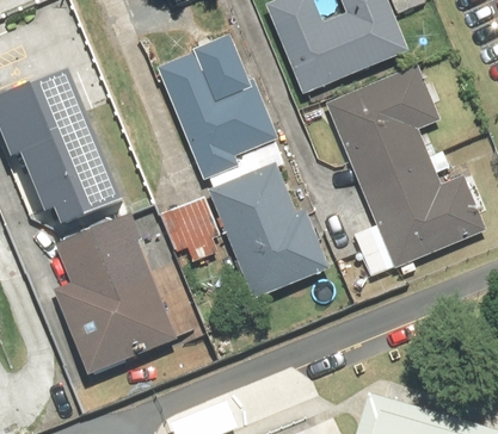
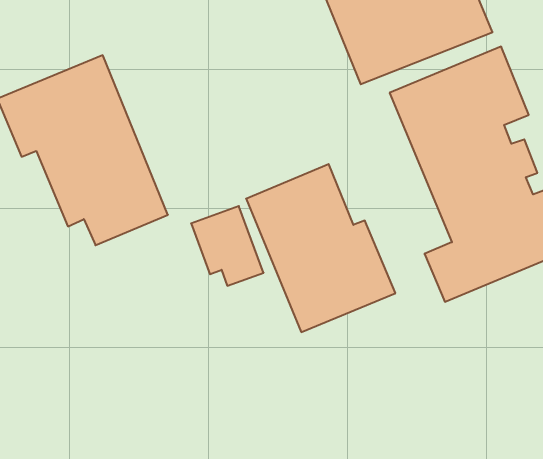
building: [153,32,278,179] -> none
building: [54,215,174,376] -> none

